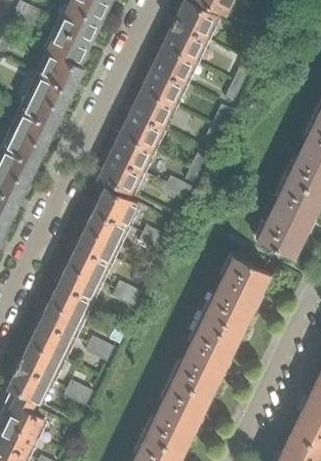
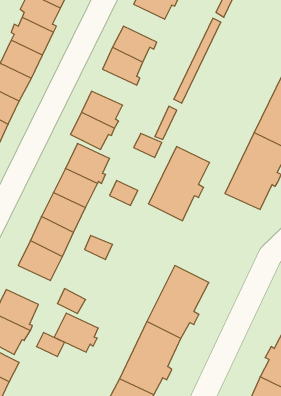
building: [153,45,195,84] -> none
building: [120,112,166,149] -> none
building: [205,254,268,330] -> [148,147,210,221]
building: [33,312,78,352] -> [54,313,98,352]

